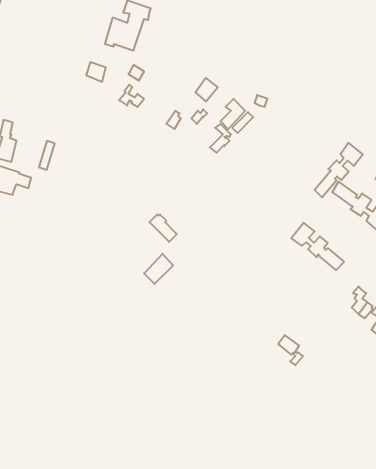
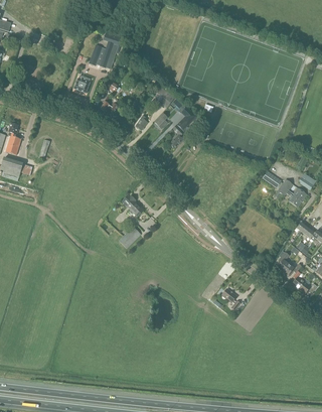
building: [315,143,363,197] -> none
building: [291,223,344,270] -> none

